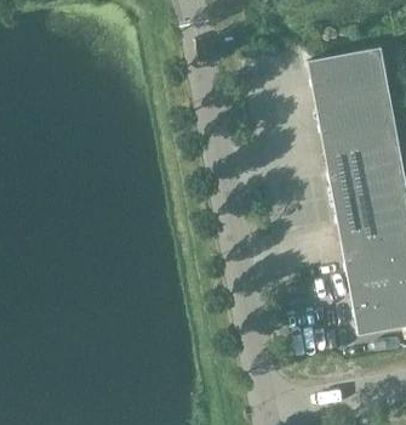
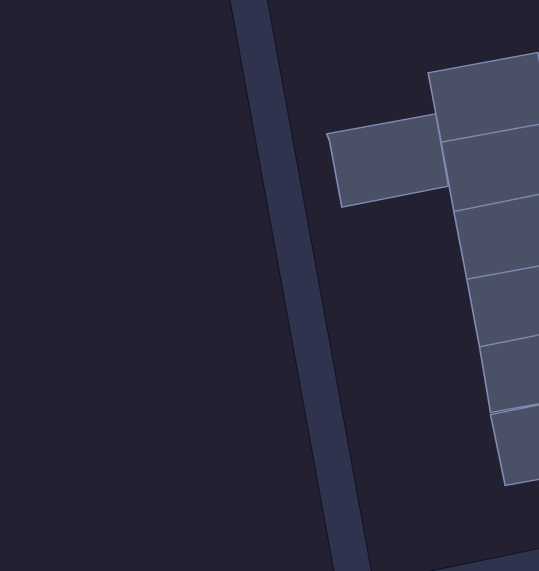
building: none -> [327,114,449,207]

